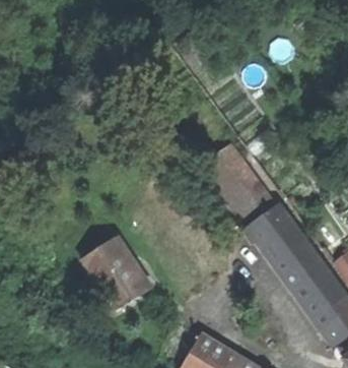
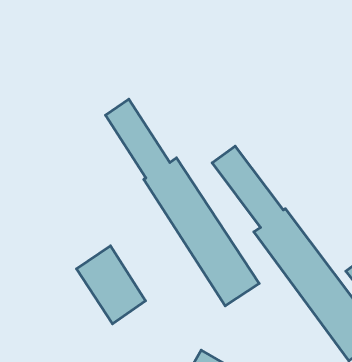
building: none -> [105,99,259,306]

